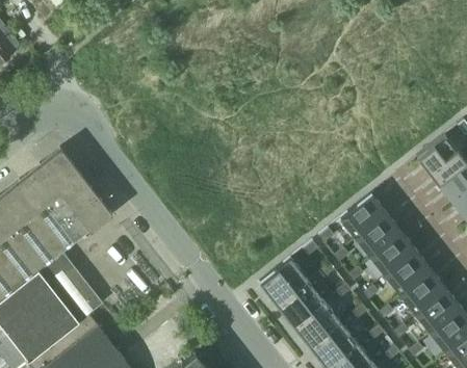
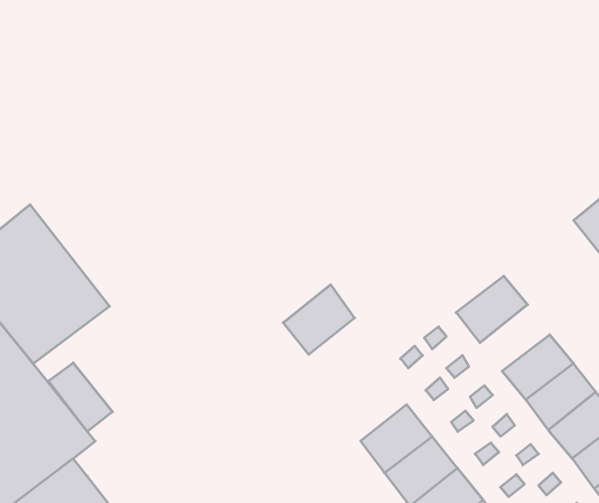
building: [356,216,401,260] -> none
building: none -> [48,363,113,432]
building: [261,260,308,306] -> [283,285,355,354]

